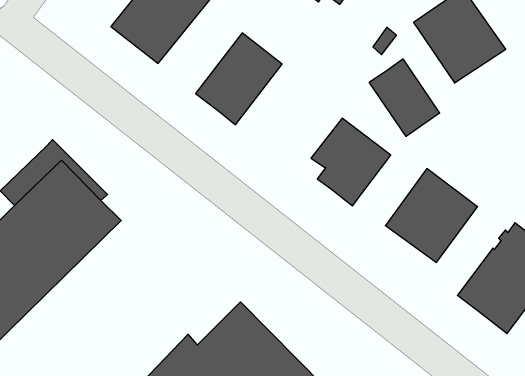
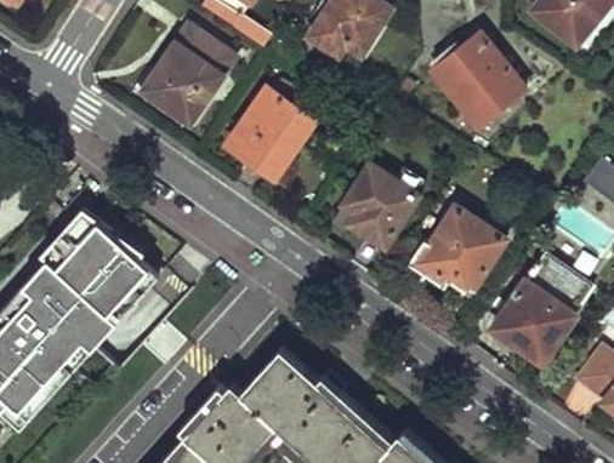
building: [369,59,440,136] -> none

